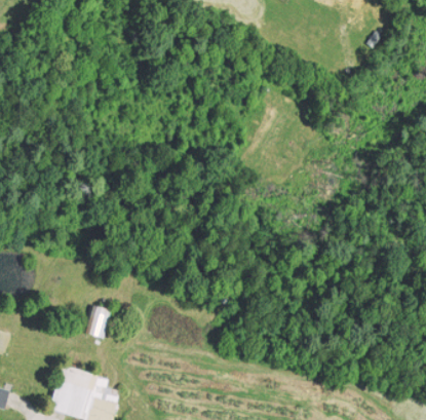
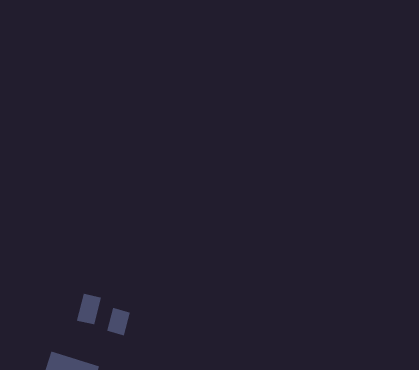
building: none -> [106,307,131,337]

